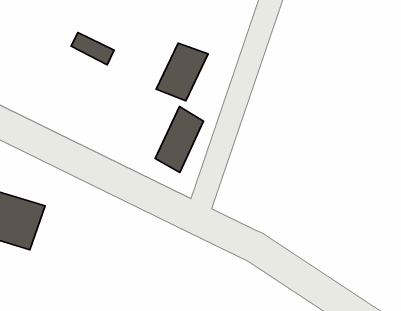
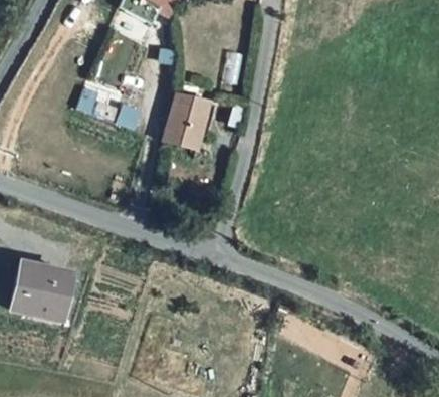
building: [155,106,204,172] -> none

